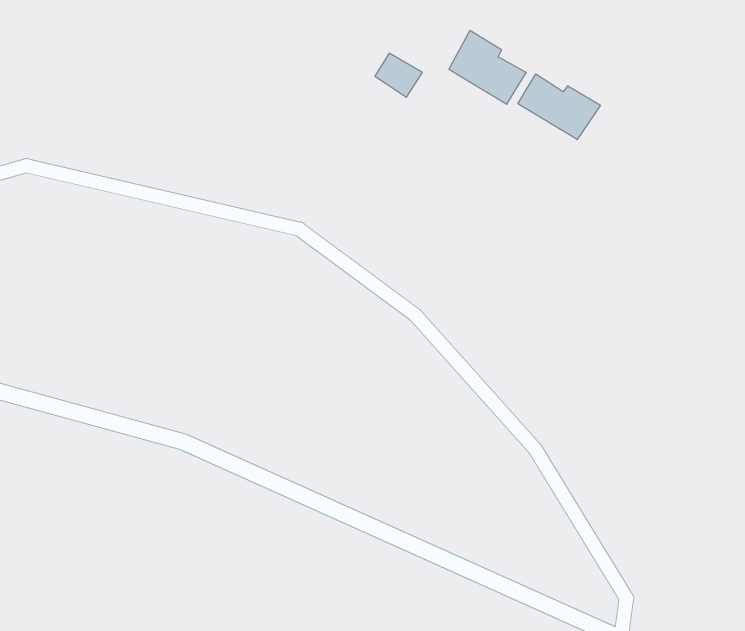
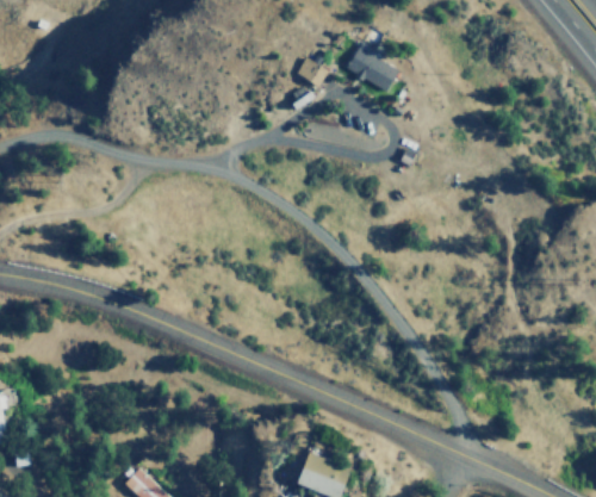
building: [518,74,600,140] -> none

